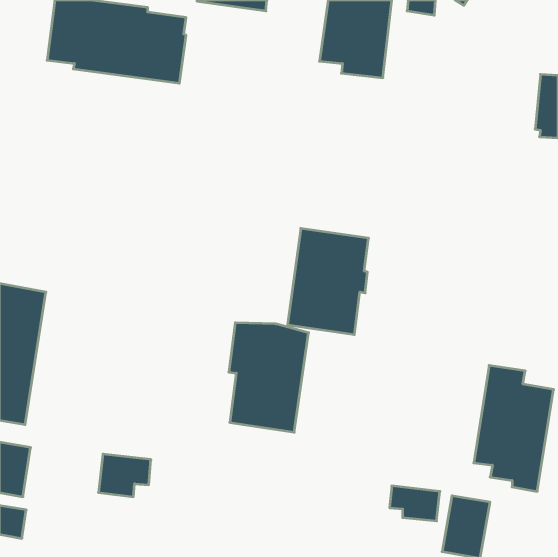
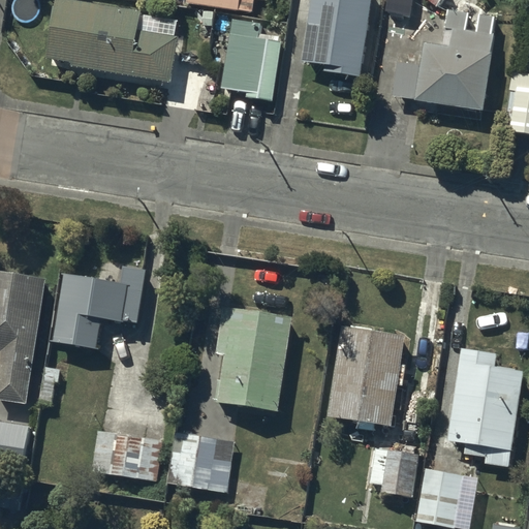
building: none -> [392,8,497,108]
building: none -> [220,19,278,100]
building: [288,228,369,335] -> [329,323,405,424]
building: none -> [52,264,145,347]
building: none -> [166,432,234,493]

